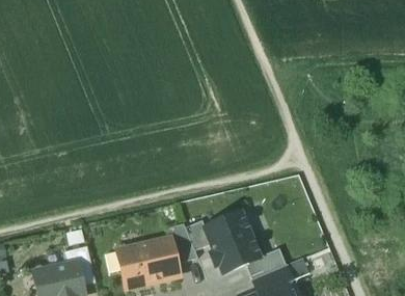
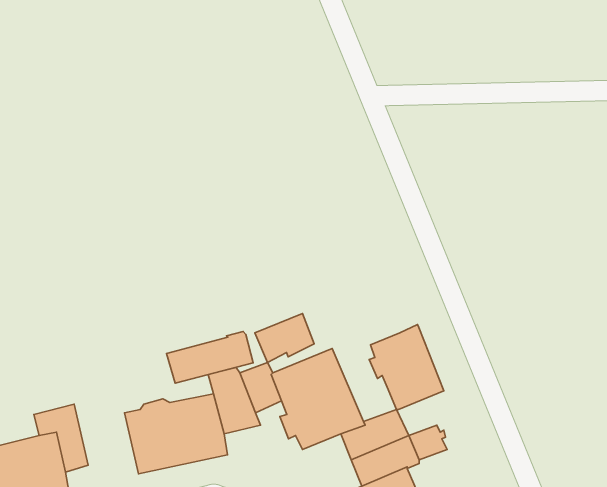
building: none -> [255,313,314,362]
building: none -> [369,324,444,409]
building: none -> [167,331,253,383]

